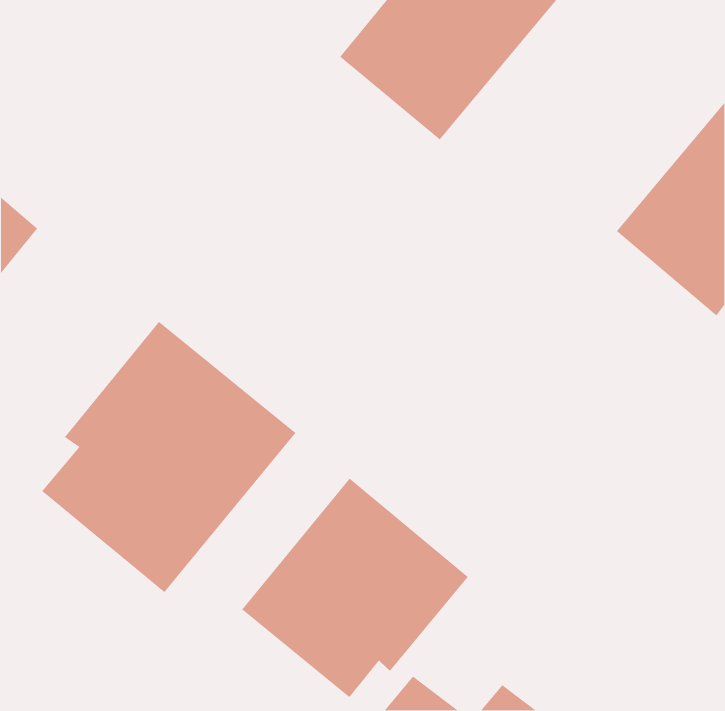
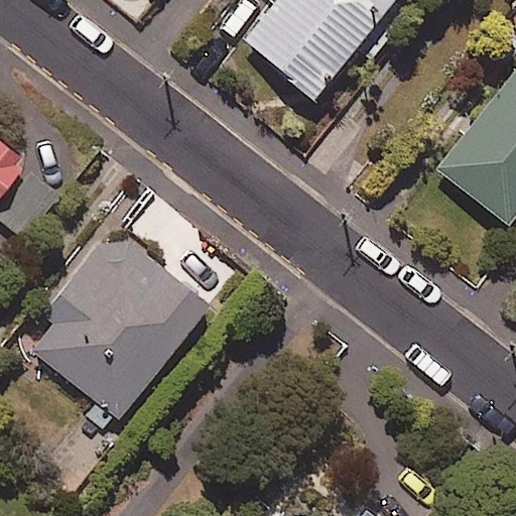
building: [241,478,469,698] -> none

